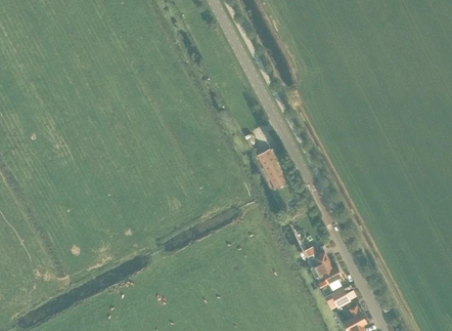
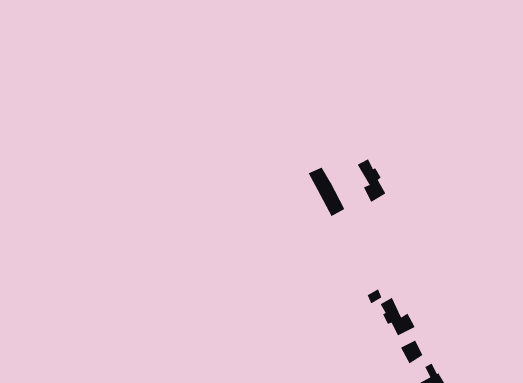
building: none -> [356,158,386,203]

